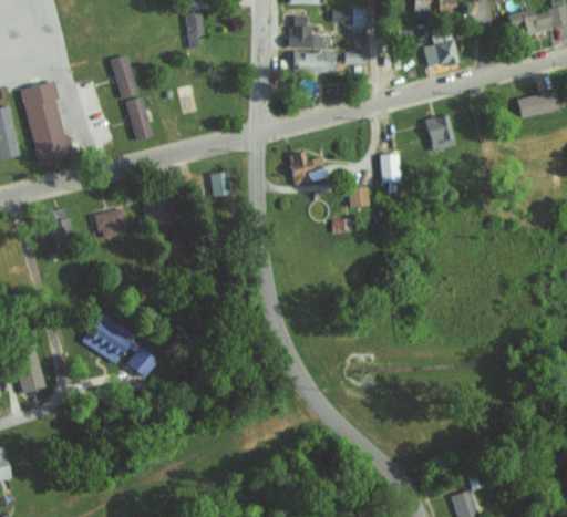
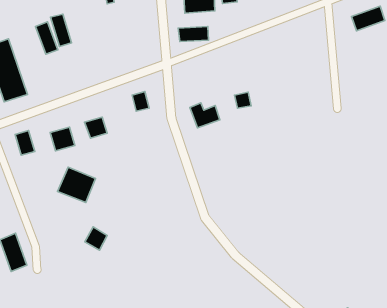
building: none -> [178,26,209,42]
building: [125,97,152,141] -> [35,22,58,54]
building: [425,115,455,151] -> none
building: [288,152,327,185] -> [190,103,220,128]
building: [380,154,399,183] -> none
building: [81,313,134,363] -> [57,167,96,203]

